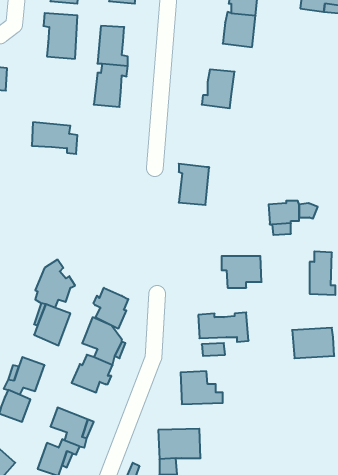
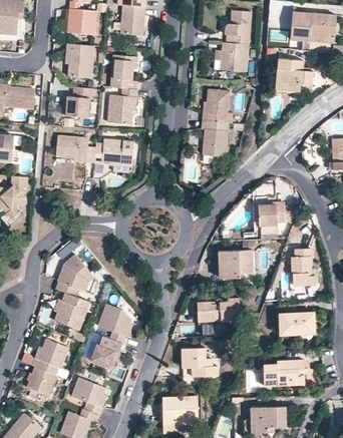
building: none -> [272,58,311,93]
building: none -> [61,86,92,116]
building: none -> [92,141,132,169]
building: [179,164,209,205] -> [201,121,227,156]
building: [94,288,128,329] -> none
building: none -> [263,360,306,386]
building: none -> [253,408,286,433]

